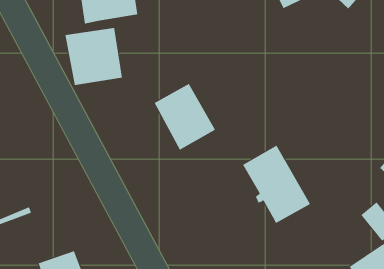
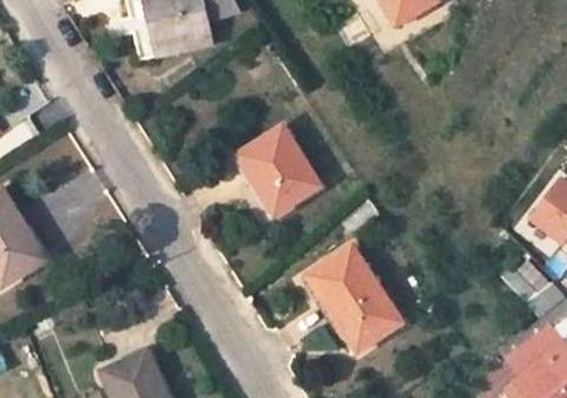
building: [65,27,122,86] -> none
building: [242,145,311,224] -> [310,249,401,351]

